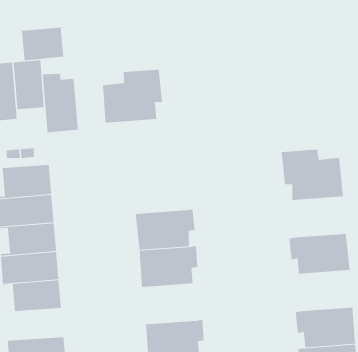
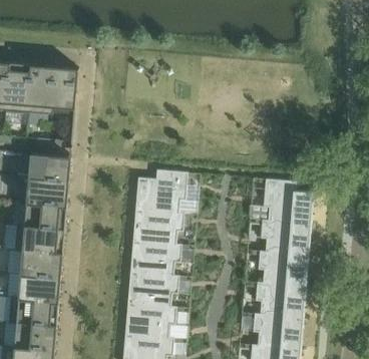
building: [22,26,69,61] -> none
building: [102,69,163,123] -> [134,169,188,214]
building: [43,73,78,133] -> none
building: none -> [260,221,311,256]
building: none -> [255,283,306,318]
building: none -> [127,272,178,307]
building: none -> [10,274,60,302]

